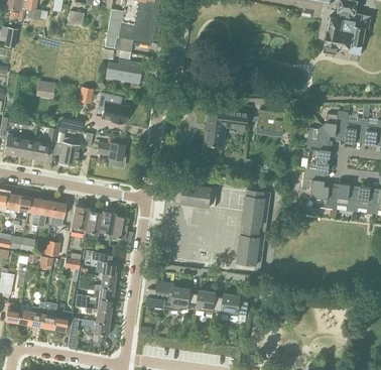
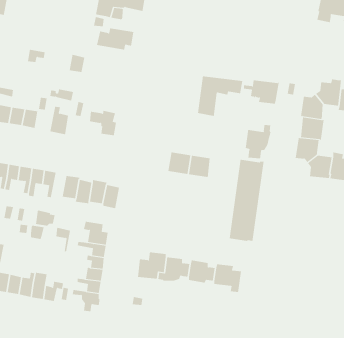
building: [97,94,128,124] -> none
building: none -> [245,124,271,159]

